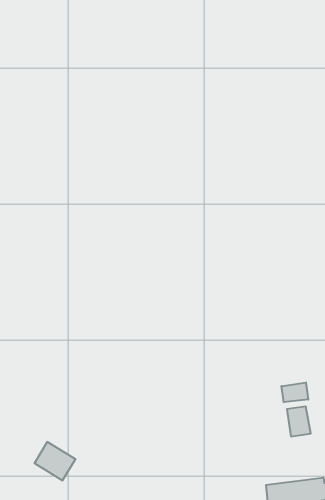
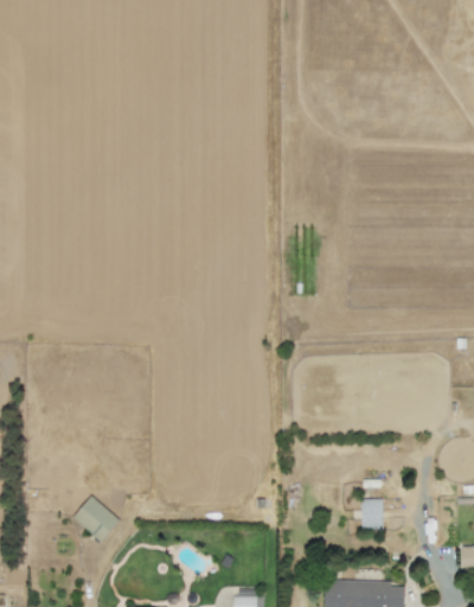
building: [281,382,308,402] -> none

